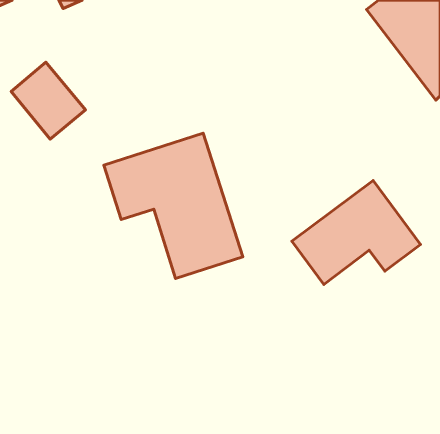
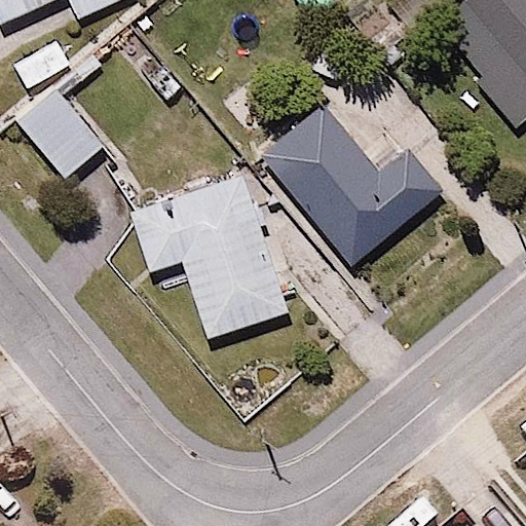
building: none -> [263,100,447,268]
building: [292,181,421,284] -> none

